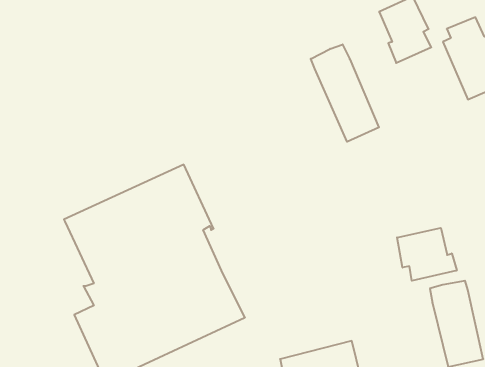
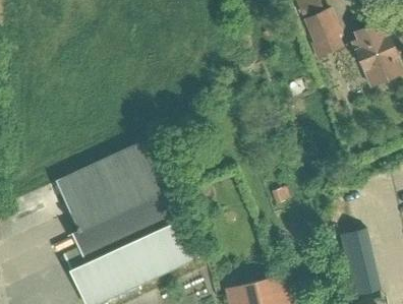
building: [311,44,379,142] -> none
building: [397,228,457,281] -> none

